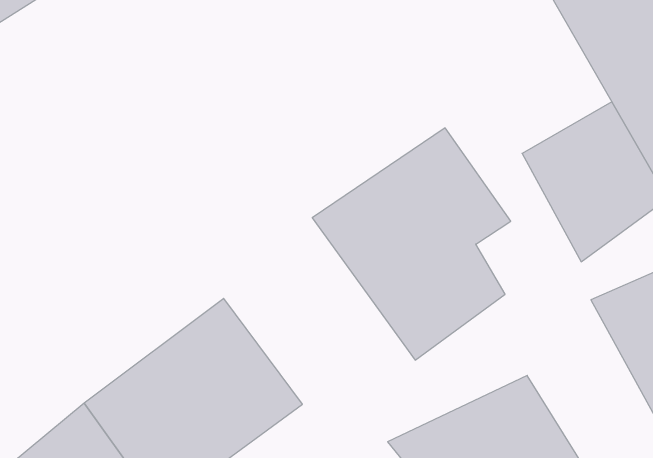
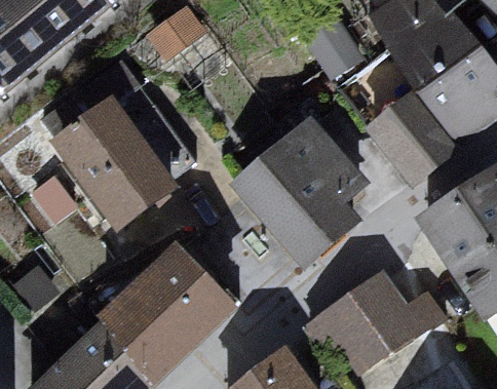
building: none -> [51,96,176,226]

